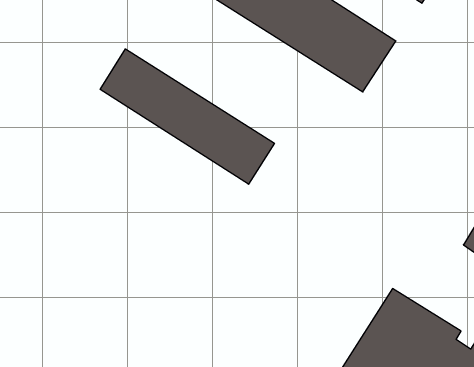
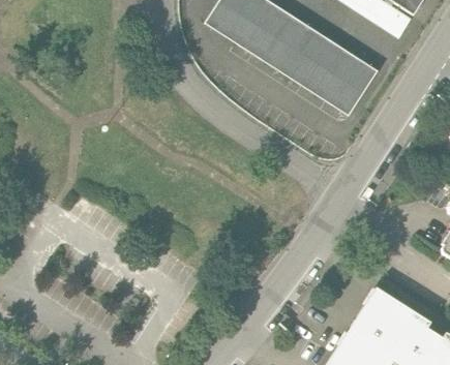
building: [100,49,274,184] -> none

